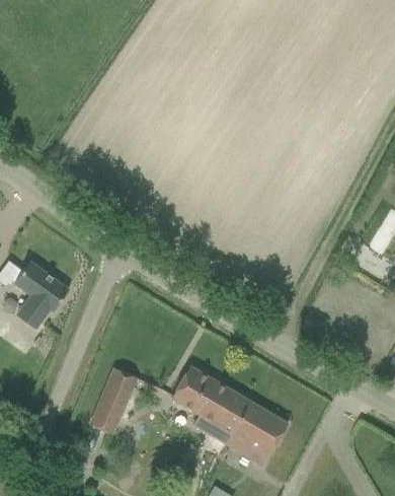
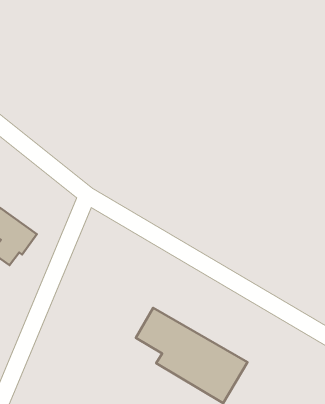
building: [90,367,136,432] -> none

